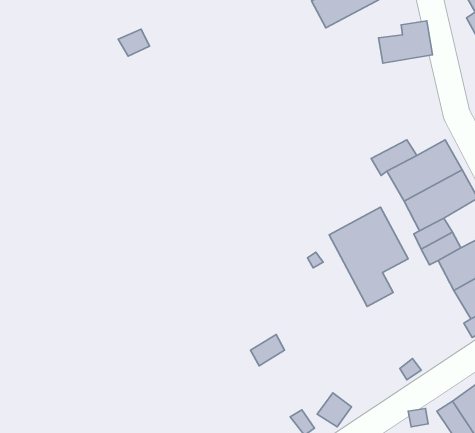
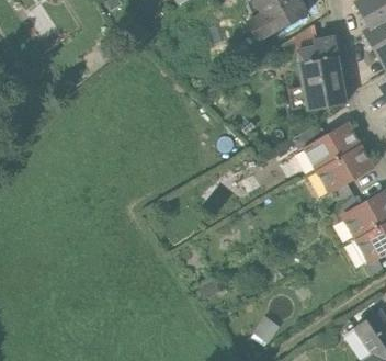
building: none -> [300,57,347,111]
building: [329,207,408,306] -> none

